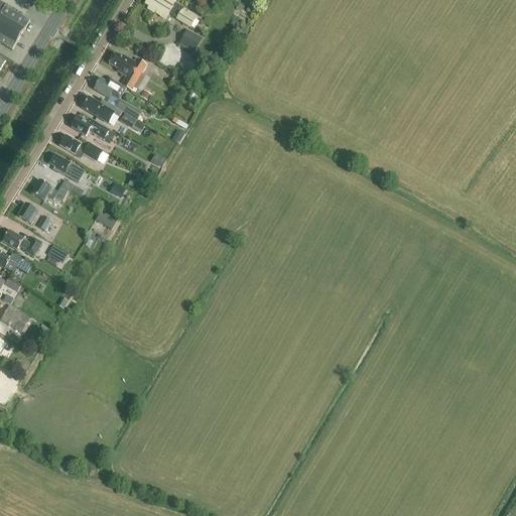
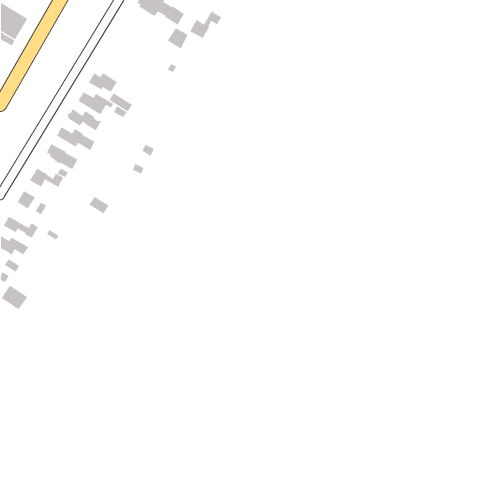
building: none -> [190,11,222,39]
building: [110,53,147,91] -> none

